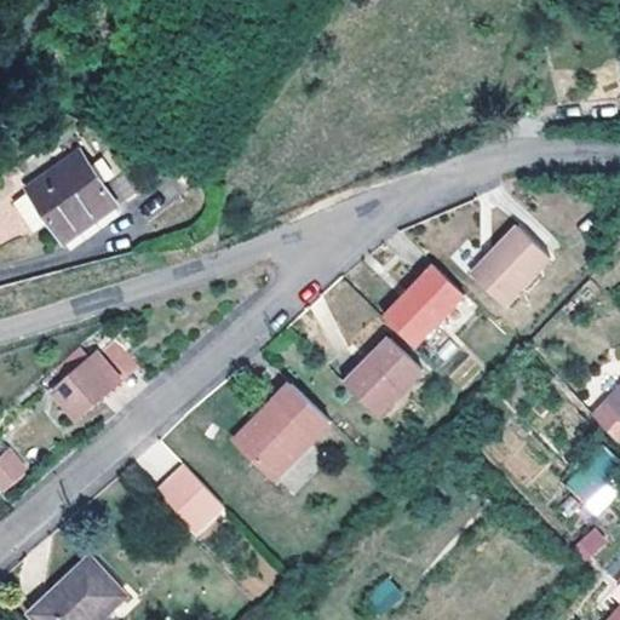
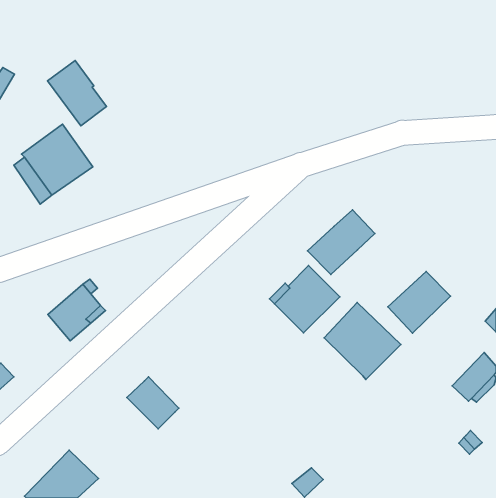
building: none -> [48,61,106,126]
building: [473,229,551,305] -> [388,272,450,333]
building: none -> [324,302,401,379]
building: [241,384,329,478] -> none

